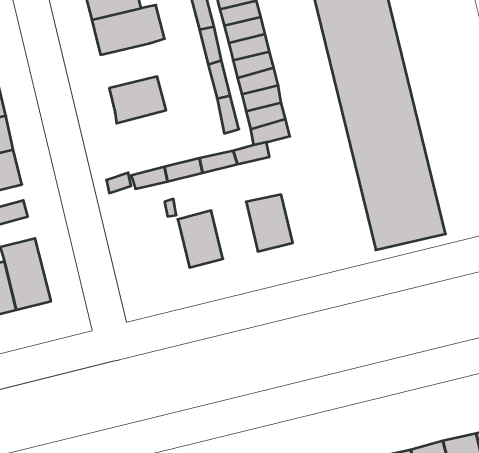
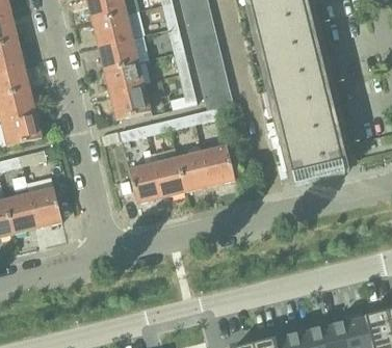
building: none -> [98,36,138,69]
building: none -> [109,84,151,118]
building: none -> [177,144,210,190]
building: none -> [128,162,161,203]

